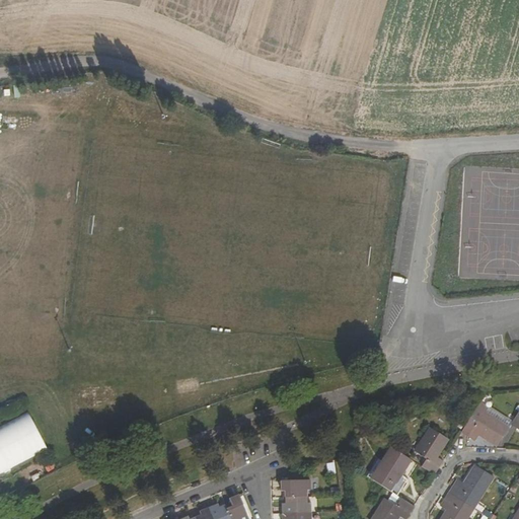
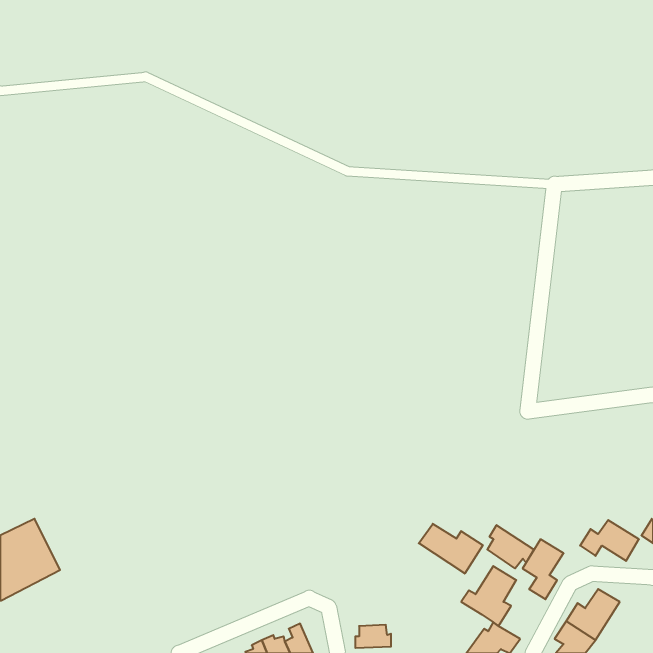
building: none -> [419,524,483,574]
building: none -> [487,525,534,568]
building: [281,480,310,497] -> none

